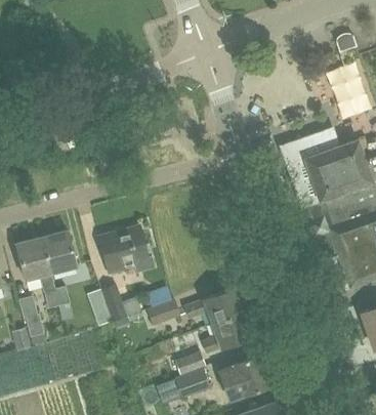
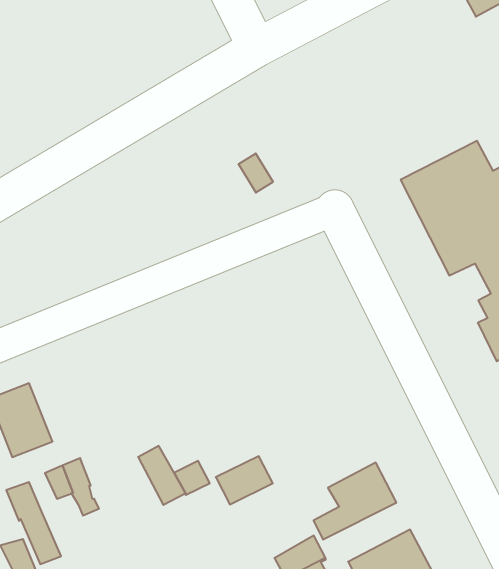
building: [98,225,153,274] -> none
building: [41,230,76,273] -> none
building: [183,288,243,323] -> none

